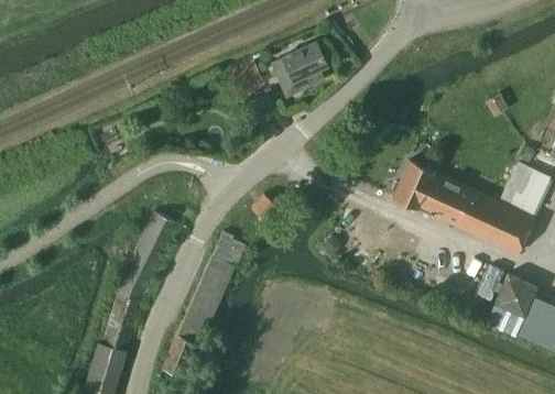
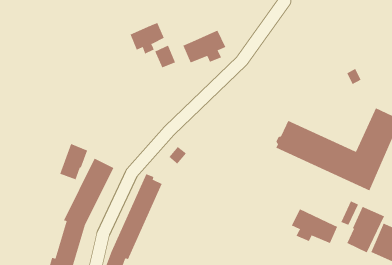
building: none -> [130,22,165,54]
building: none -> [59,143,88,180]
building: none -> [291,208,338,244]

